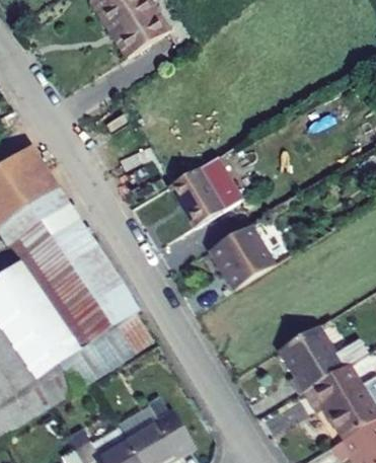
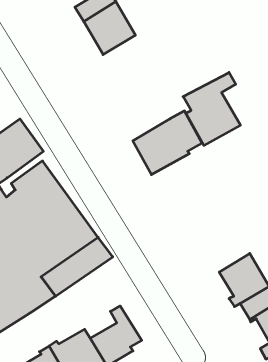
building: none -> [183,72,240,145]
building: [210,225,276,290] -> none

